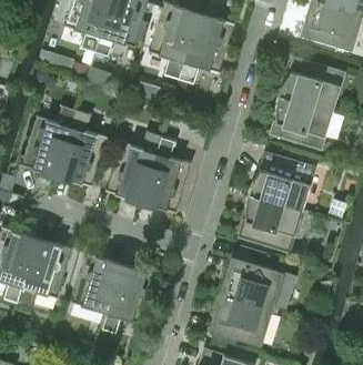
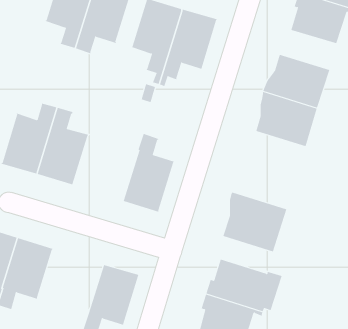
building: [105,131,161,202] -> none
building: [248,152,315,210] -> none
building: [71,253,122,313] -> none

